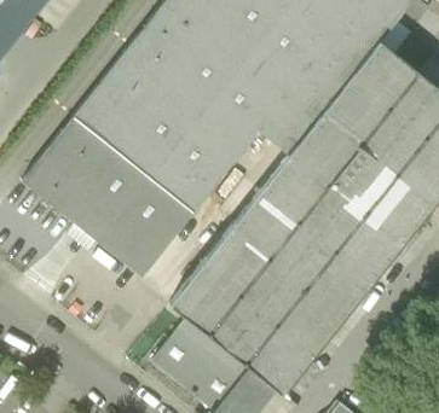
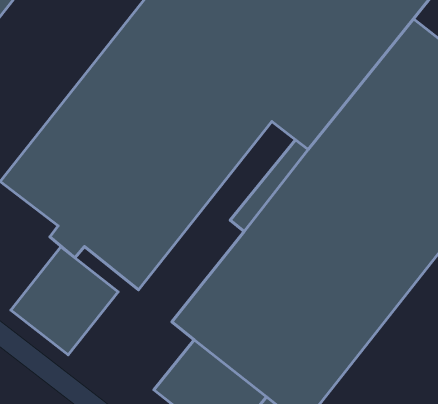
building: none -> [11,247,118,355]

